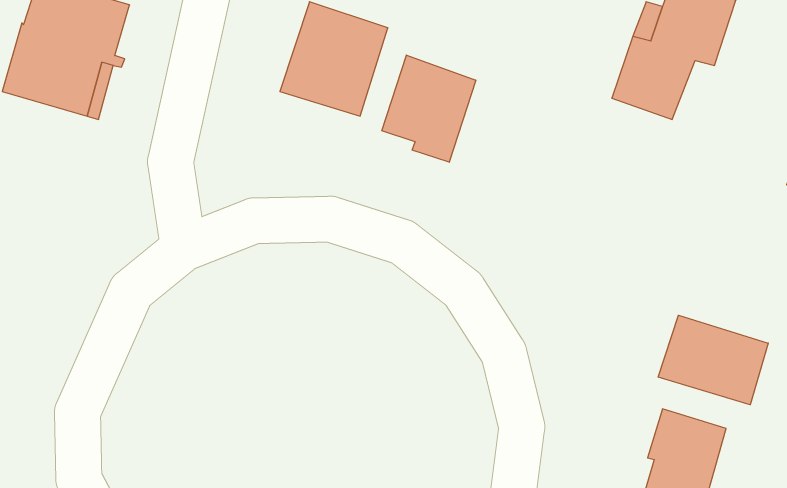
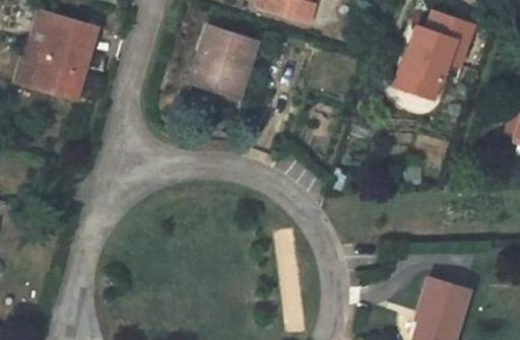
building: [382,55,476,162] -> none
building: [658,315,768,405] -> none

